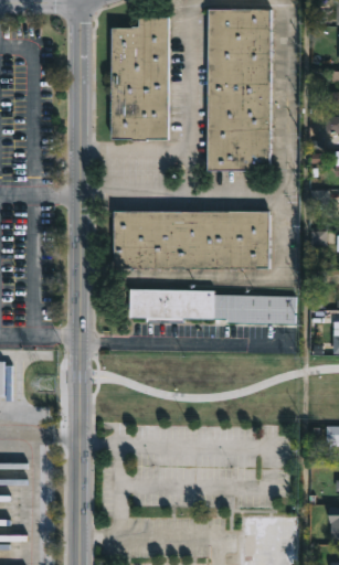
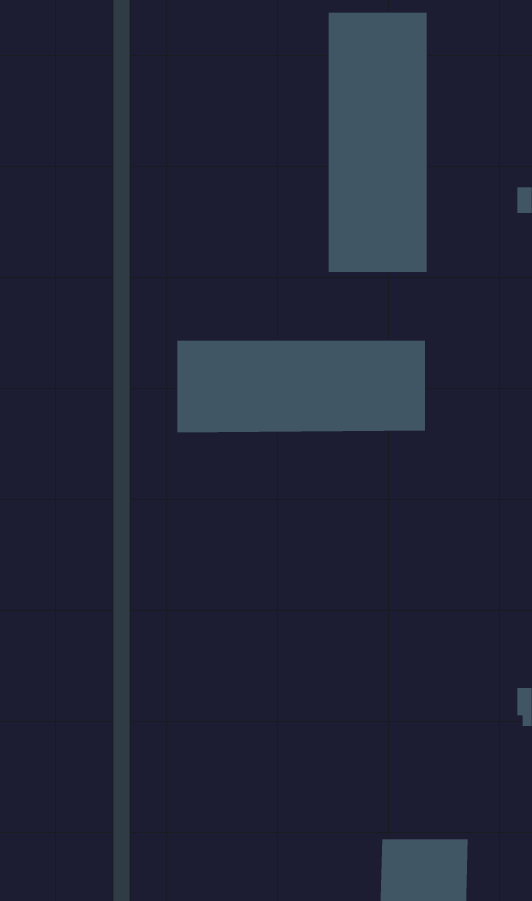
building: [107,15,166,140] -> none
building: [130,289,296,323] -> none

